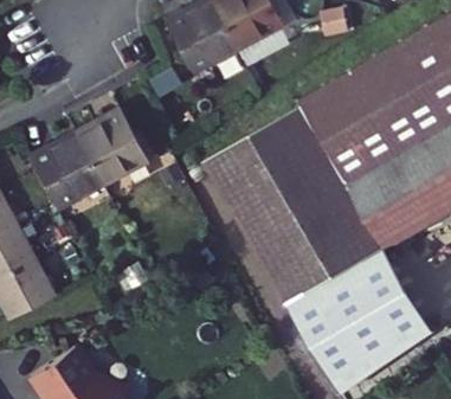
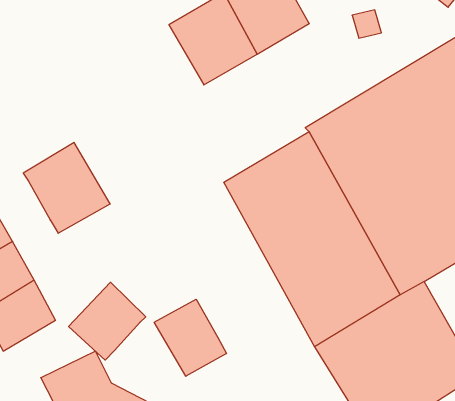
building: [71,104,149,186] -> none
building: none -> [69,282,146,360]
building: none -> [154,299,226,376]

